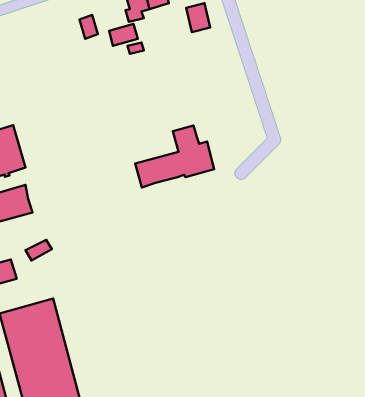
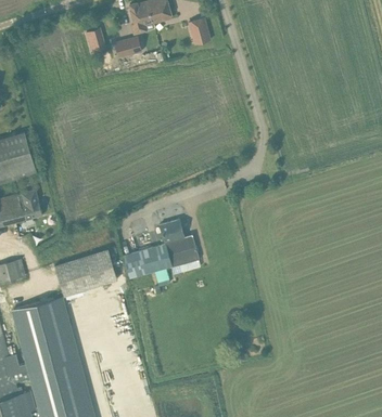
building: [135,125,214,187] -> [124,219,199,277]
building: none -> [54,248,117,296]

